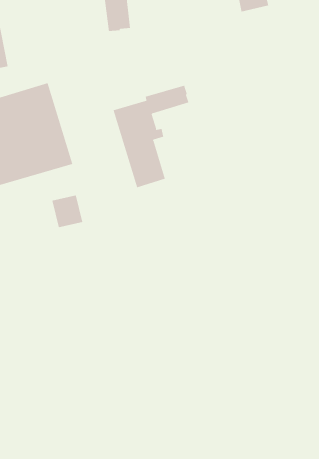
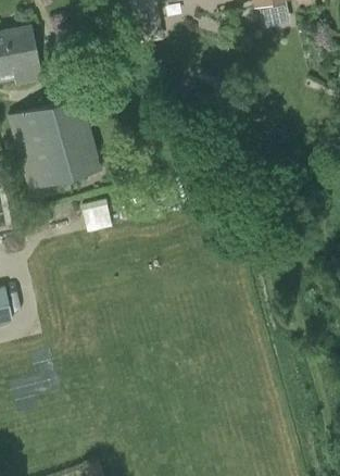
building: [113,85,189,188] -> none

